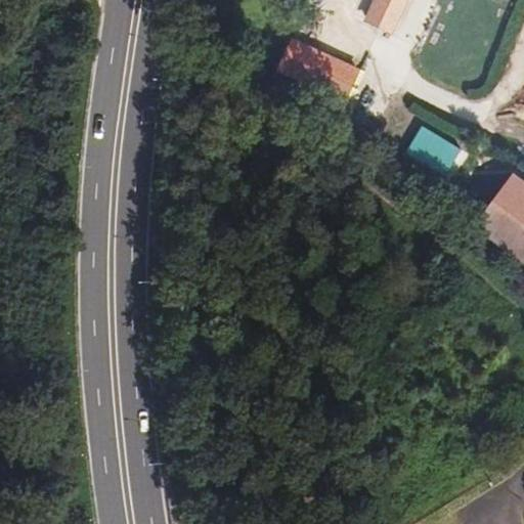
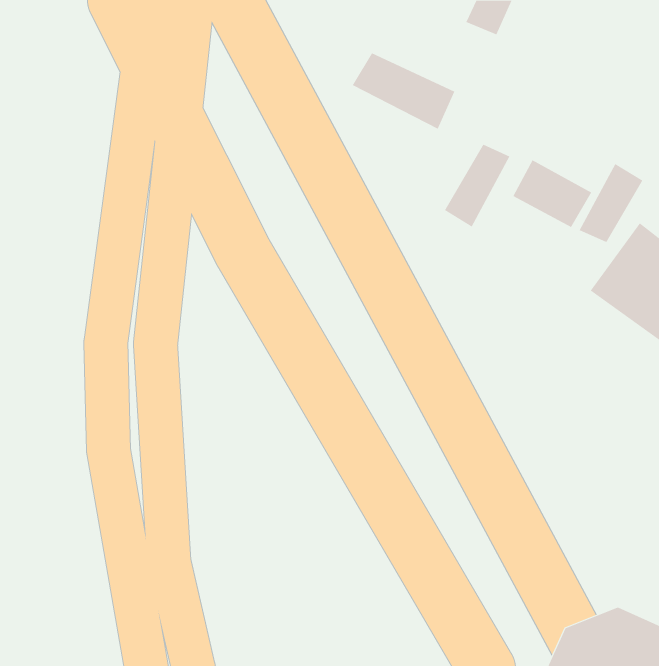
building: none -> [444,144,510,228]
building: none -> [579,163,643,243]

